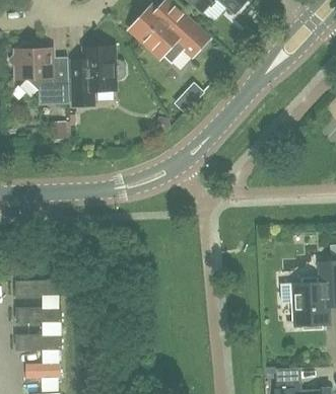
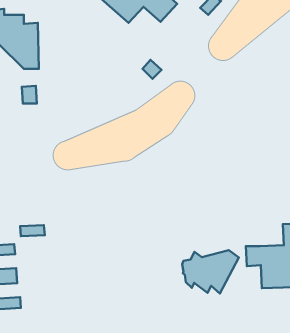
building: [71,46,125,104] -> none
building: none -> [182,250,239,293]

